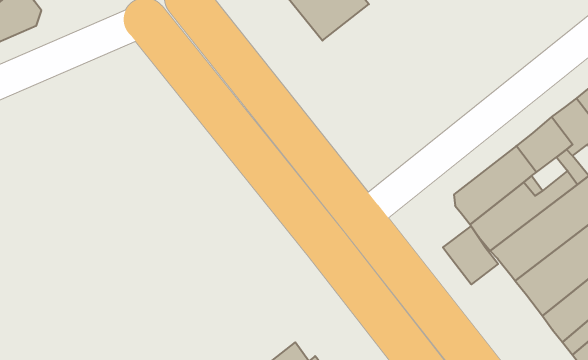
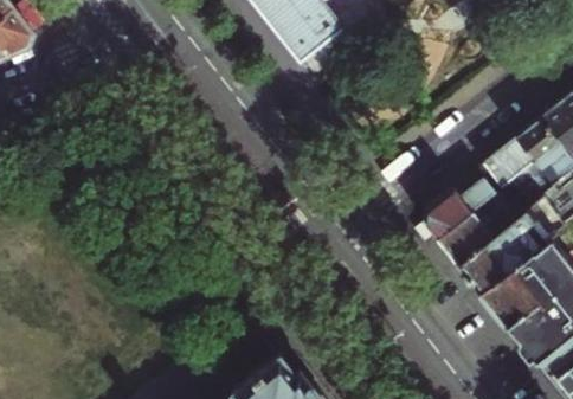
building: [443,226,498,284] -> none

